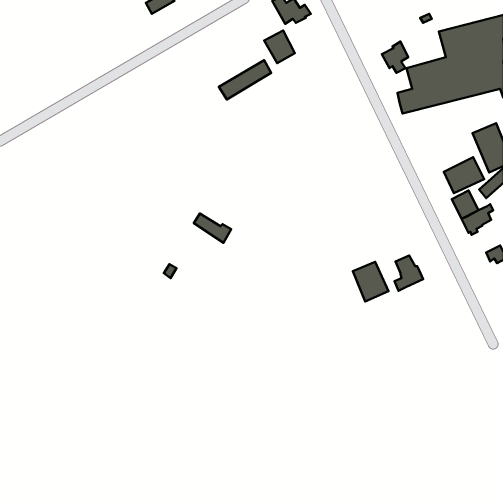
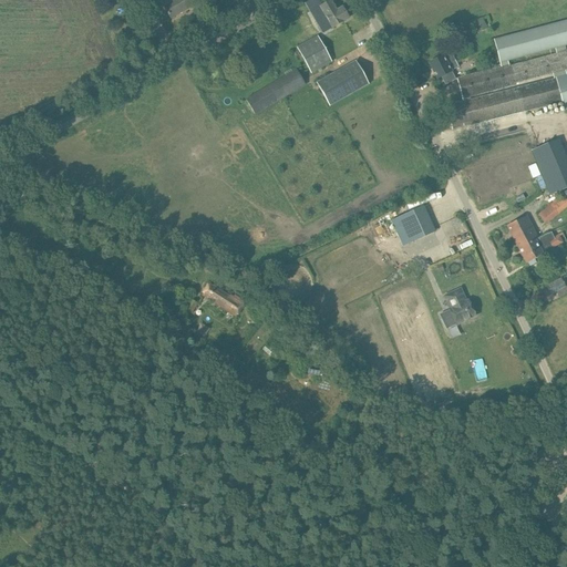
building: none -> [317,58,370,104]
building: [444,157,484,193] -> none
building: none -> [393,204,435,244]
building: [194,213,231,243] -> [204,281,246,315]
building: [353,262,388,301] -> none

